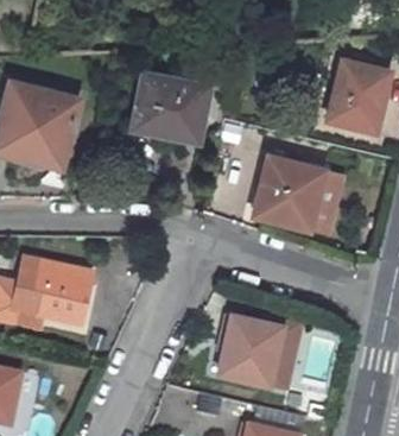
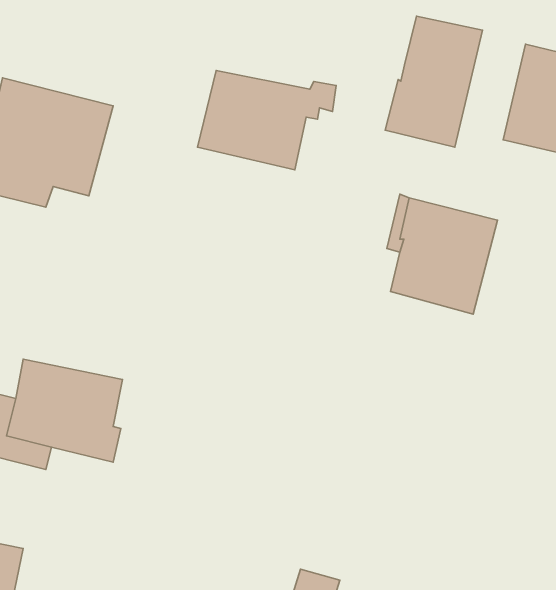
building: none -> [385,16,482,147]
building: [220,310,286,381] -> none

